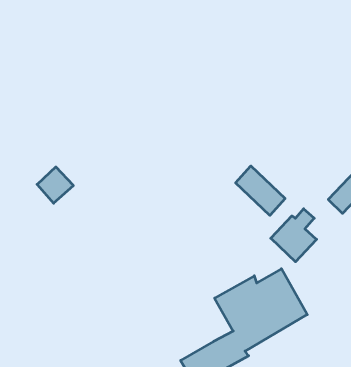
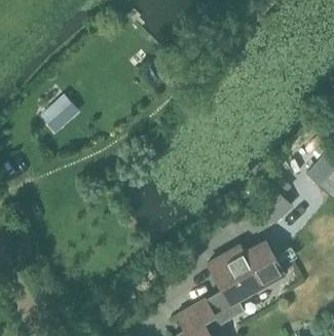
building: [236,166,285,215] -> none
building: [37,167,73,203] -> [41,104,73,136]

